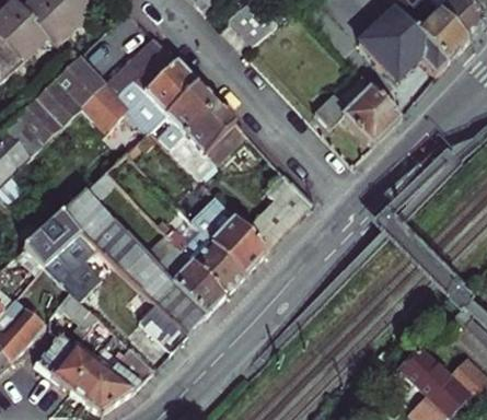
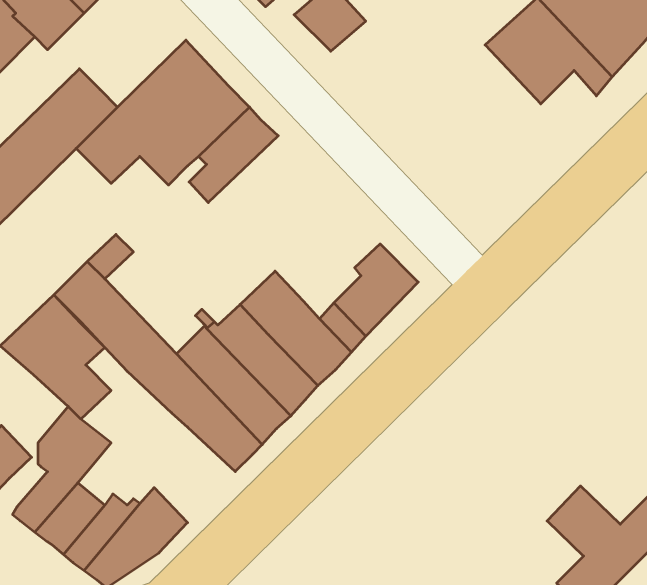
building: [313,77,399,144] -> none
building: [167,103,244,180] -> none
building: [131,293,186,350] -> none

